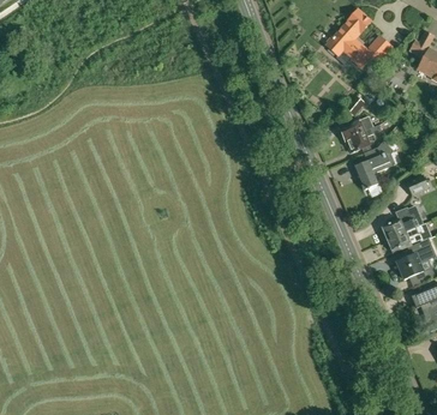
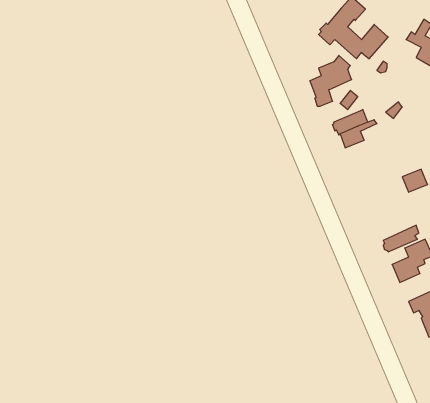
building: [355,140,395,188] -> [310,55,352,106]
building: [382,207,419,239] -> none

